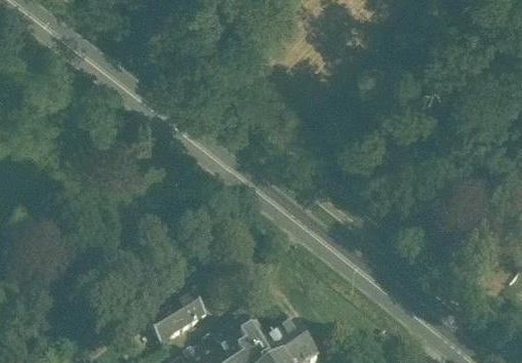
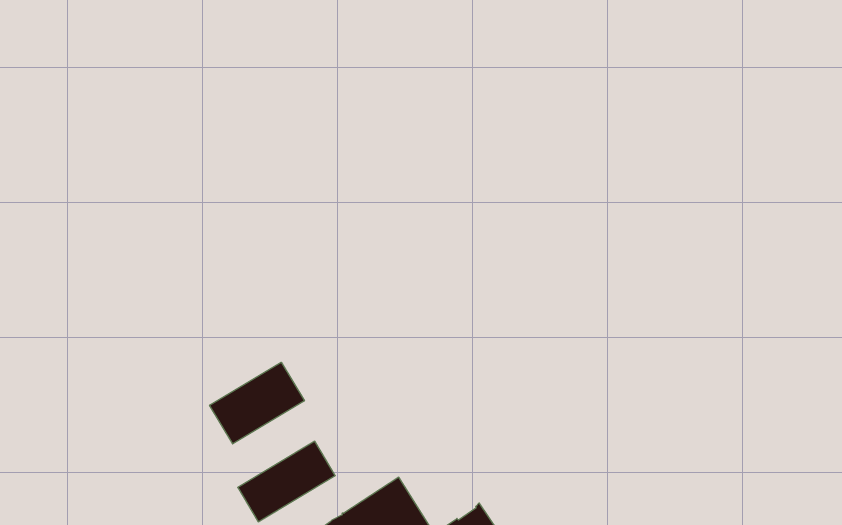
building: none -> [210,362,304,444]

